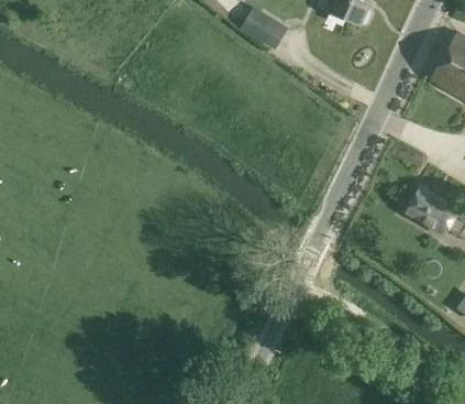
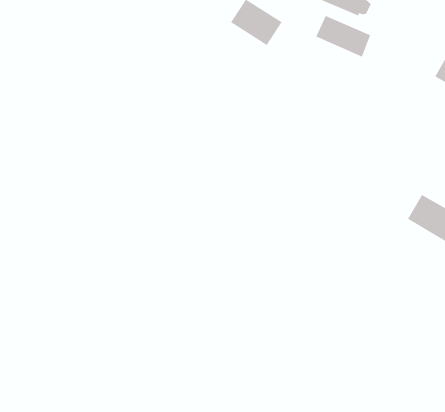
building: none -> [316,15,371,57]

